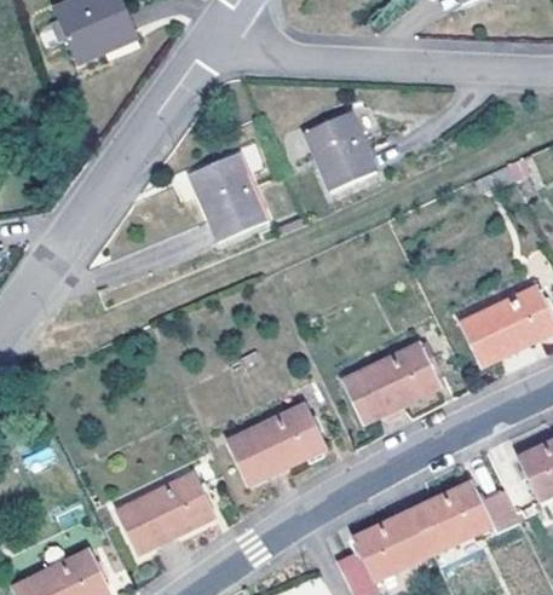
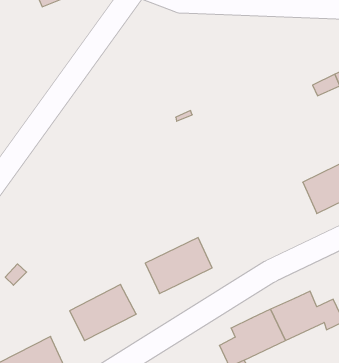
building: [305,110,376,189] -> none
building: [190,152,269,239] -> none
building: [342,341,442,423] -> none

